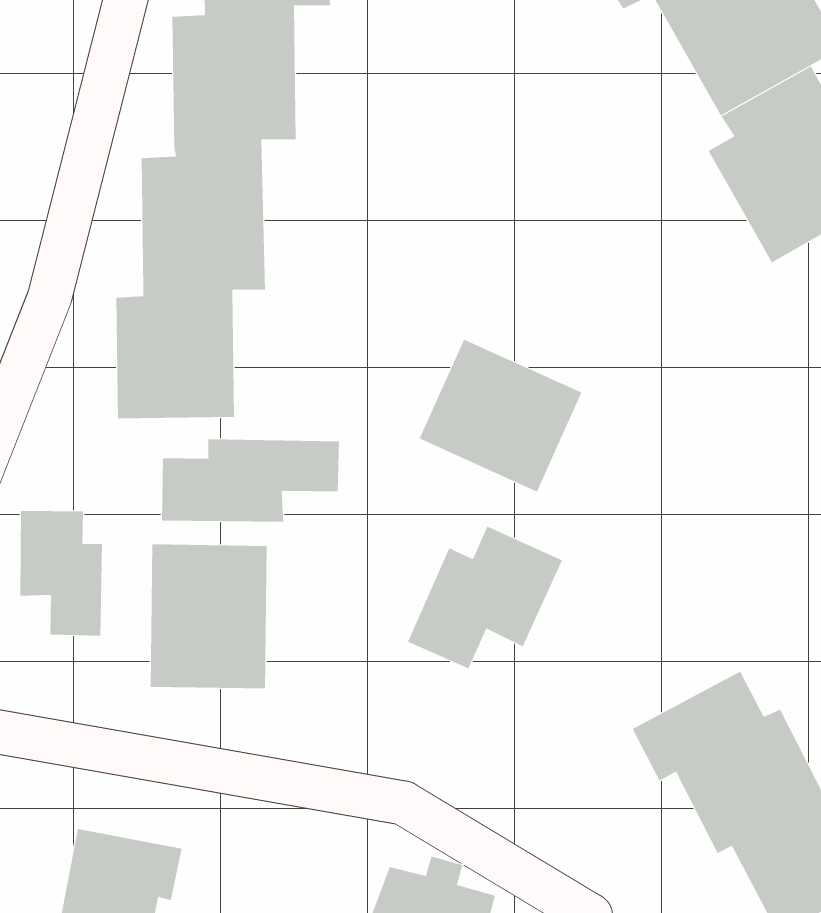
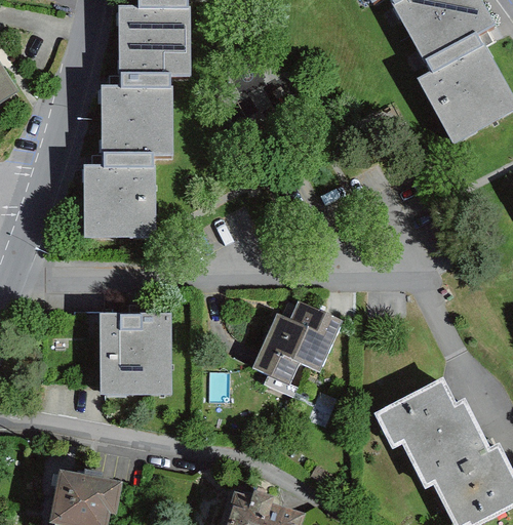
building: [419,339,582,492] -> none
building: [162,438,340,522] -> none
building: [20,510,103,636] -> none

